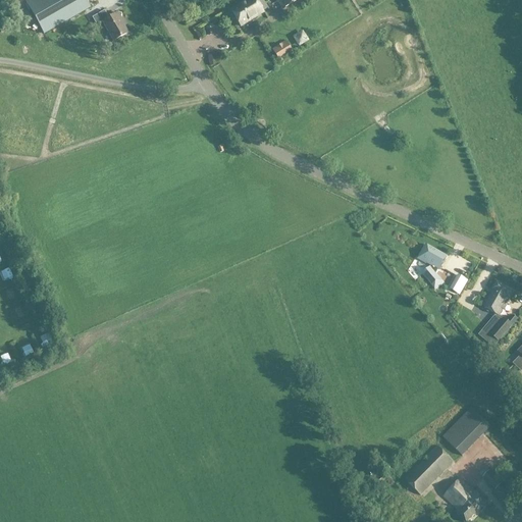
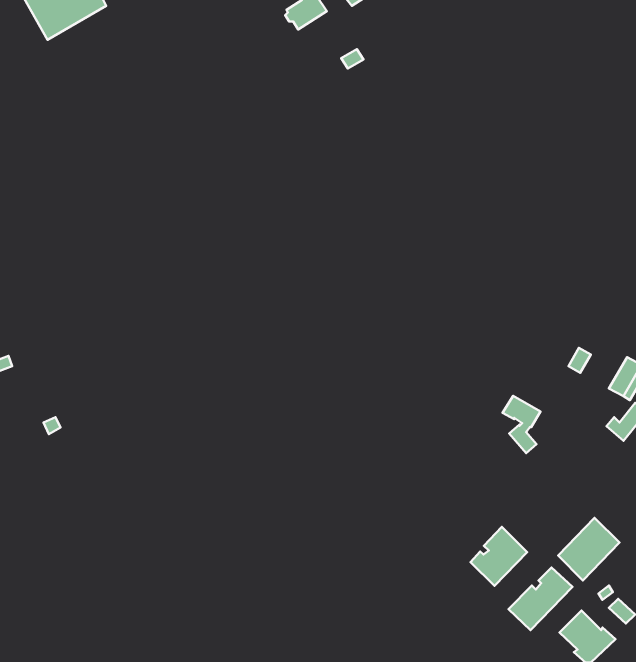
building: [92,9,127,39] -> none
building: [418,244,448,289] -> [503,396,540,453]
building: none -> [470,527,527,586]

